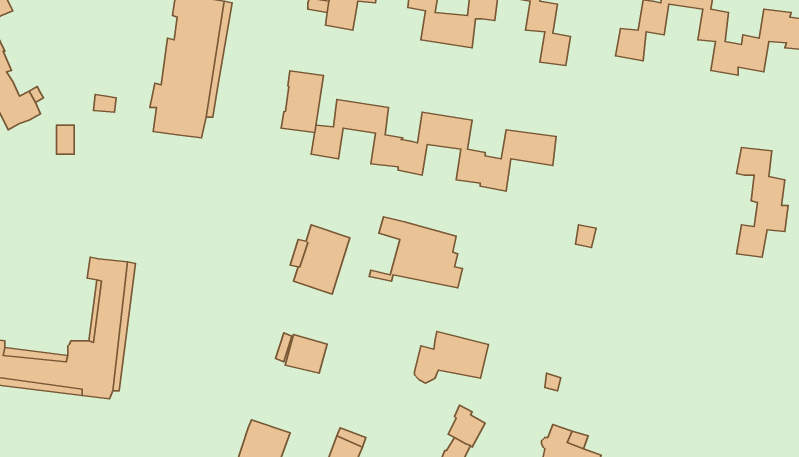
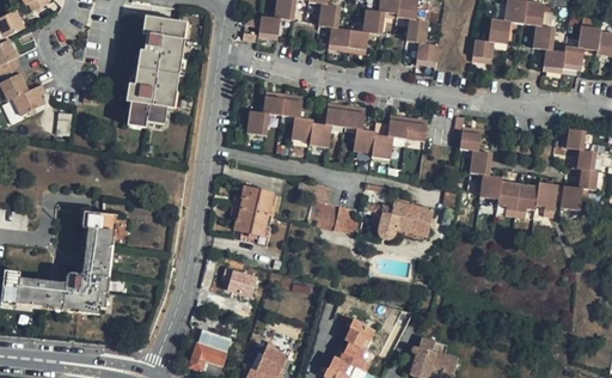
building: [281,71,323,132] -> none
building: none -> [460,127,561,218]
building: [414,331,488,383] -> [378,200,433,238]

